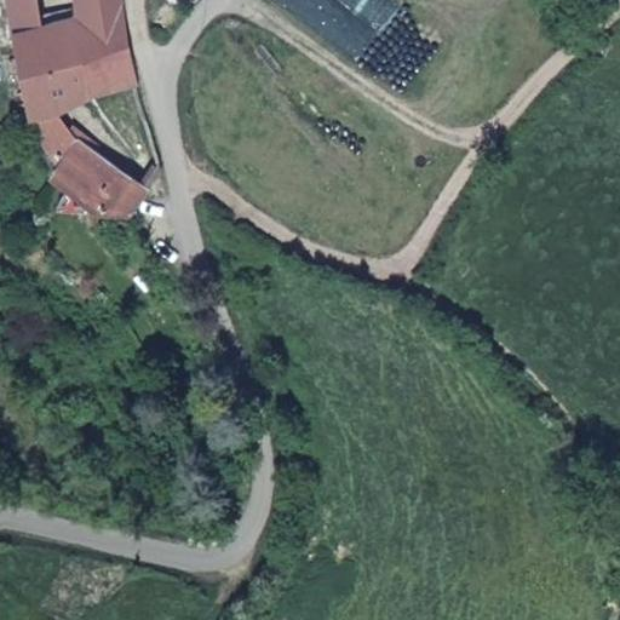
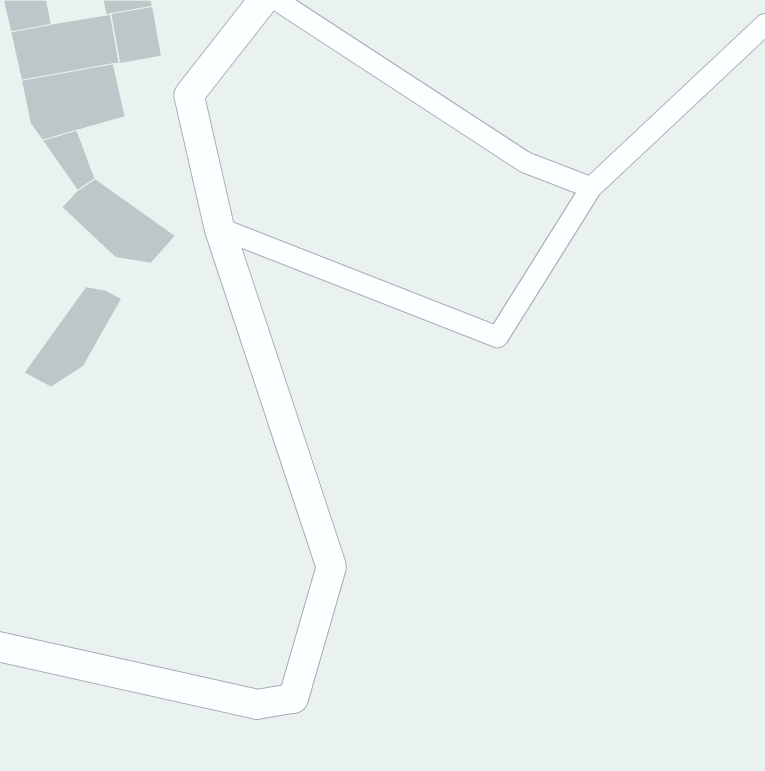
building: [91,46,139,94] -> none
building: none -> [24,286,122,388]

